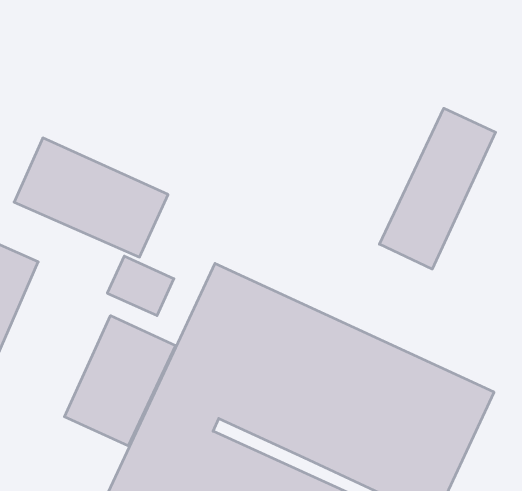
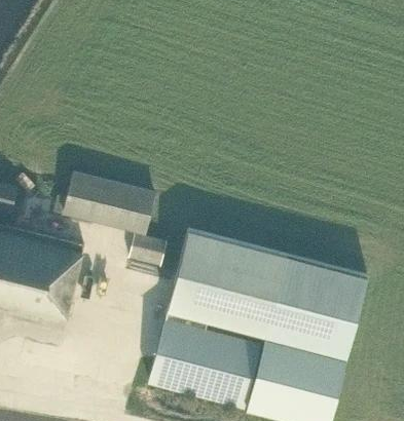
building: [379,108,496,269] -> none
building: [64,316,176,446] -> none

